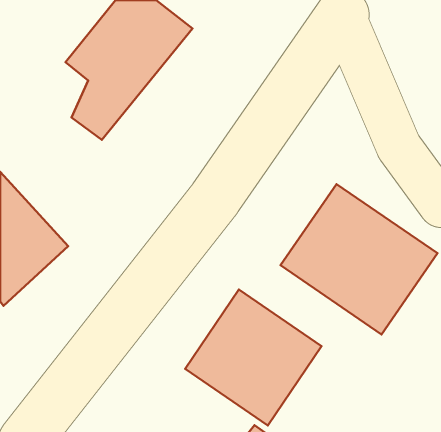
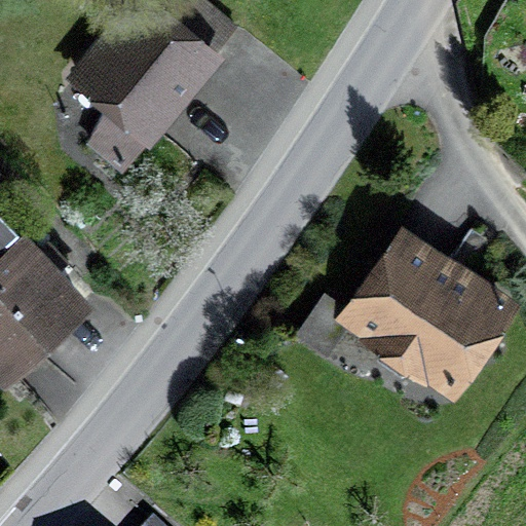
building: [185,290,321,426] -> none

